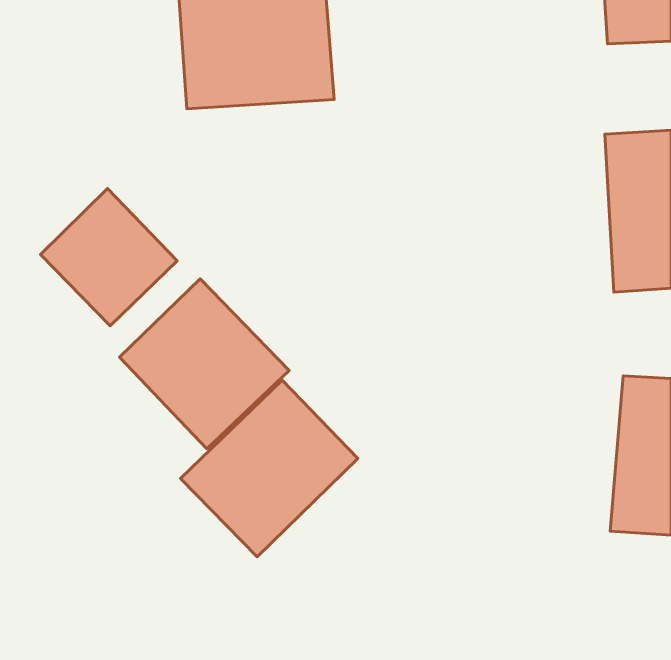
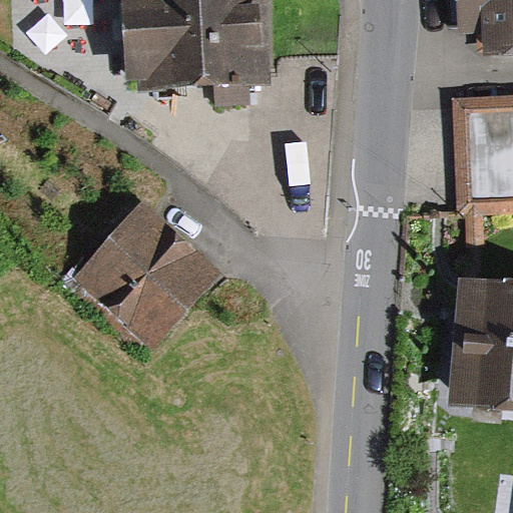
building: [41,189,177,326] -> none
building: [180,380,358,557] -> none

